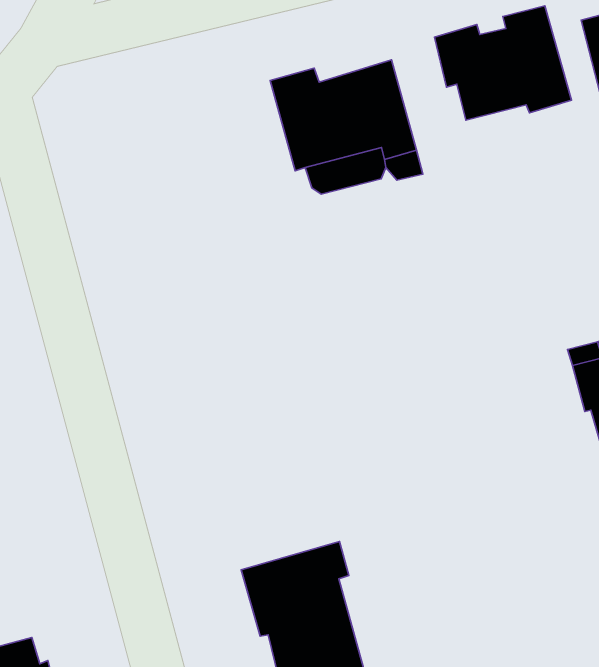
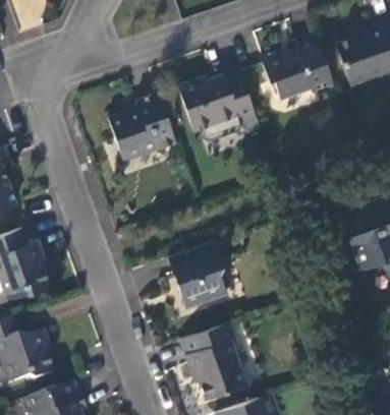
building: none -> [108,92,176,160]
building: none -> [168,241,227,308]

